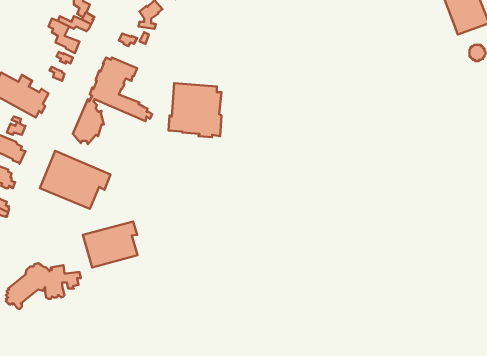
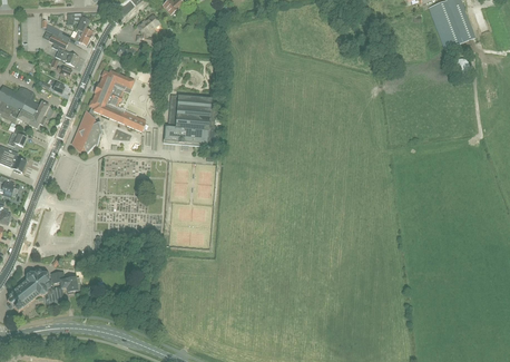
building: [40,151,111,209] -> none
building: [83,221,137,268] -> none

